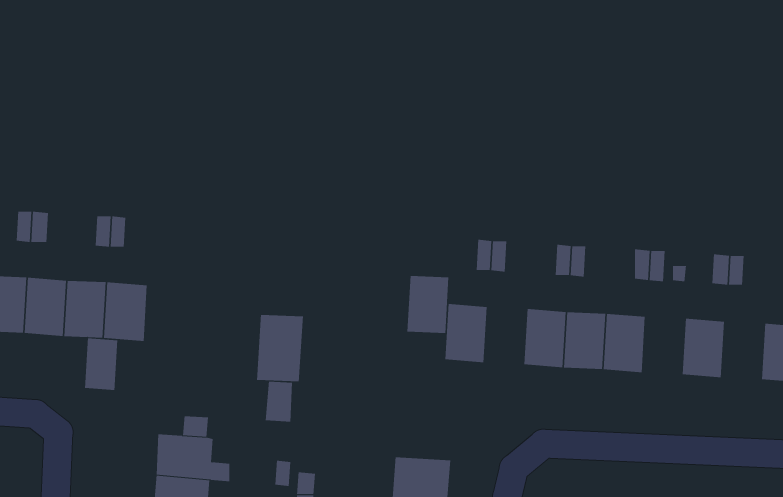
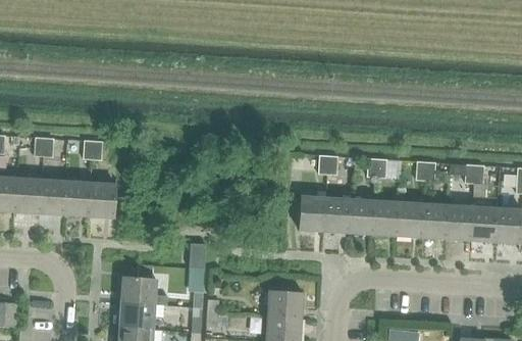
building: [406,276,449,333] -> [324,197,351,233]
building: [256,314,303,382] -> none
building: none -> [422,203,449,239]
building: none -> [471,206,498,242]
building: [85,337,118,391] -> none

